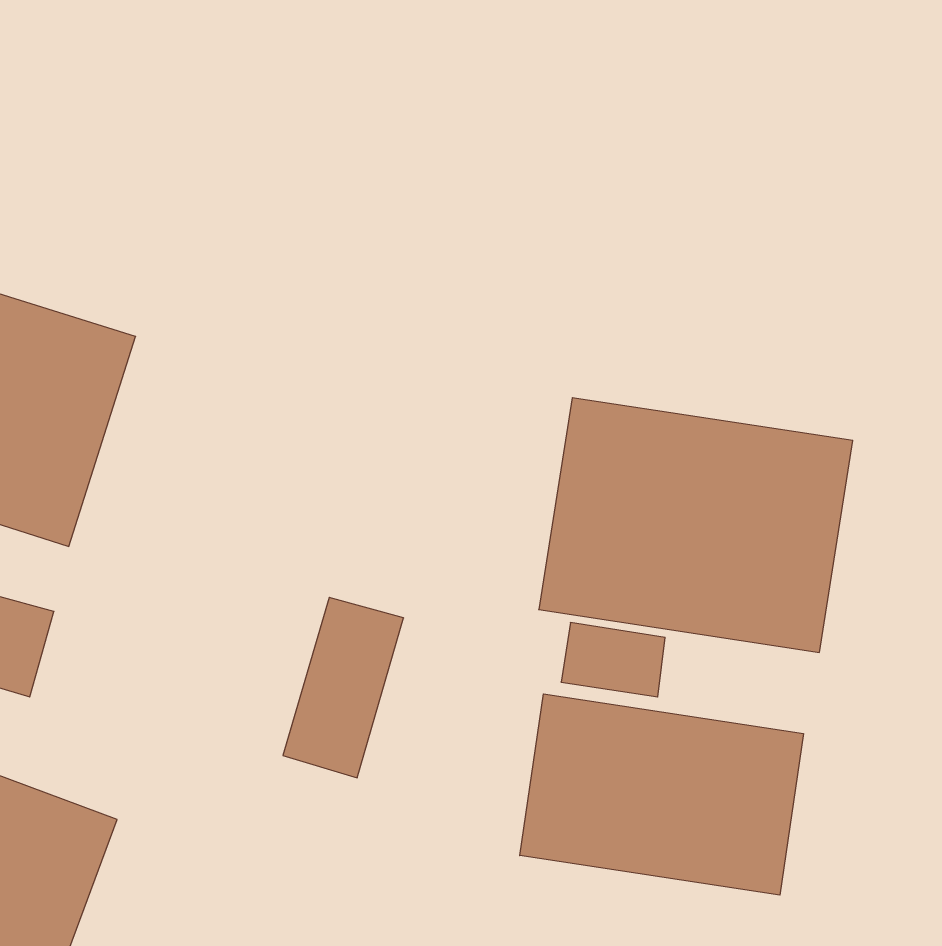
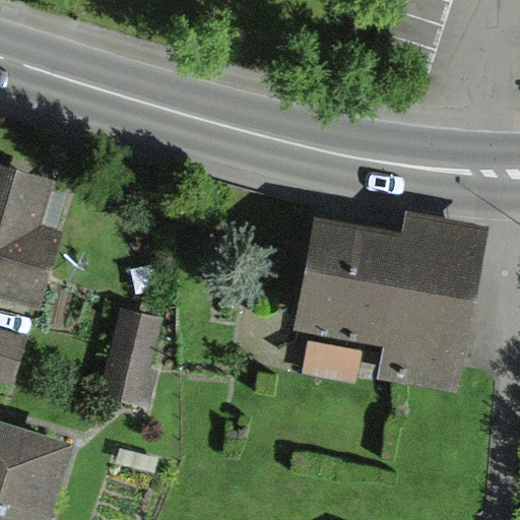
building: [283,597,404,778] -> [103,303,169,401]
building: [520,694,803,895] -> none

